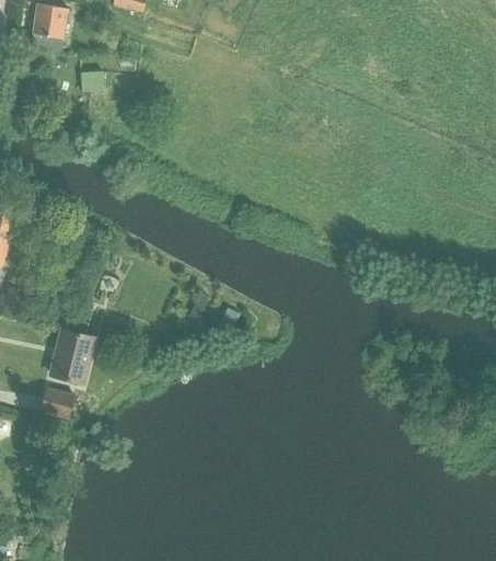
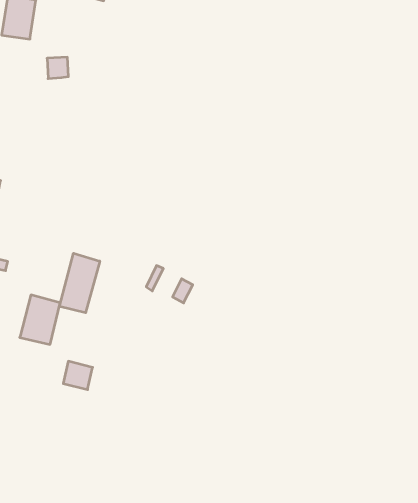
building: none -> [60,253,100,313]
building: [42,388,73,419] -> [63,361,93,390]

